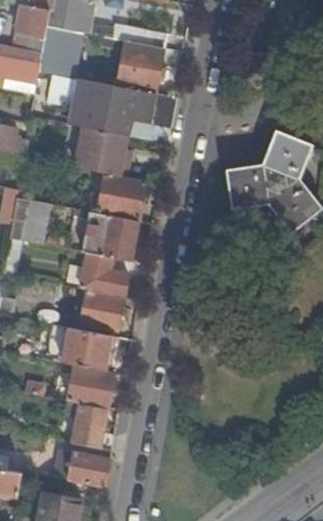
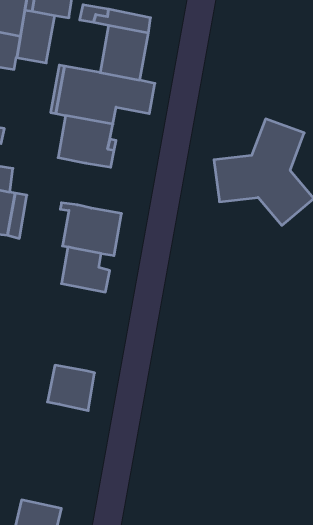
building: [96,173,146,221] -> none
building: [80,292,123,330] -> none
building: [47,325,110,371] -> none
building: [72,402,113,450] -> none
building: [53,448,109,485] -> none

